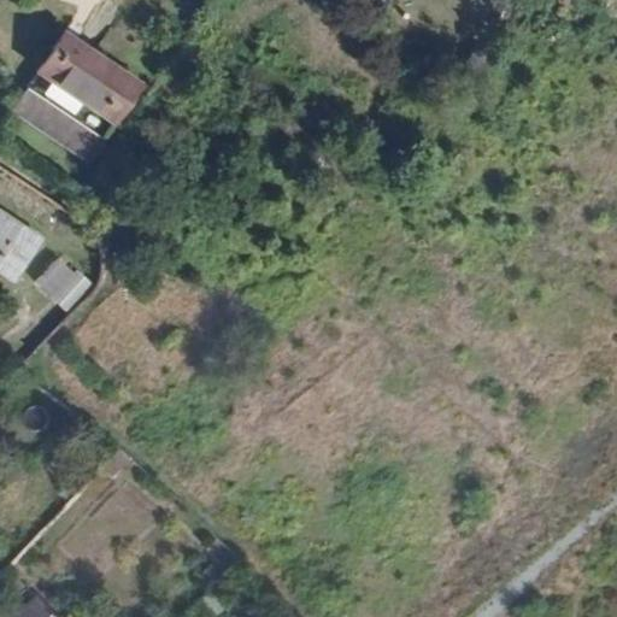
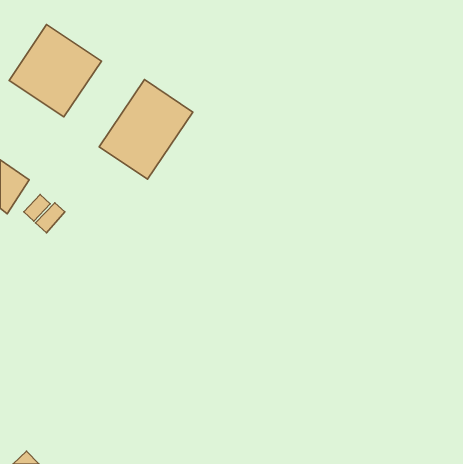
building: none -> [99,80,193,179]

